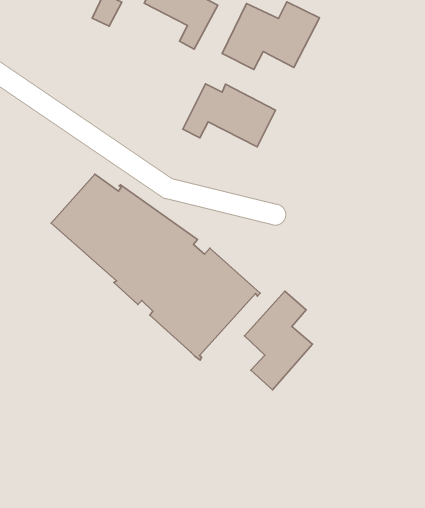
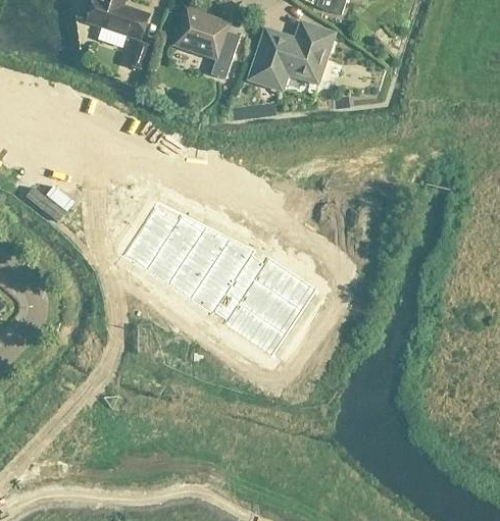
building: [183,84,275,147] -> none
building: [244,291,313,390] -> none

